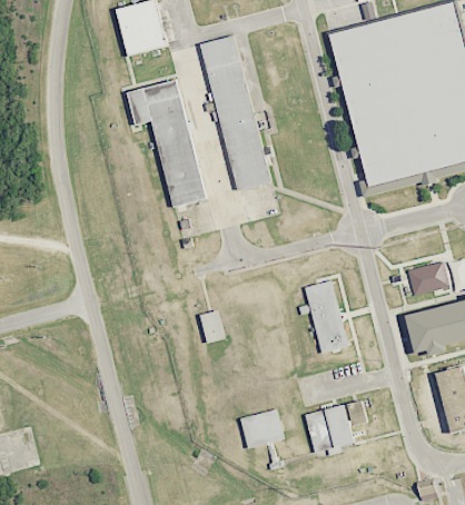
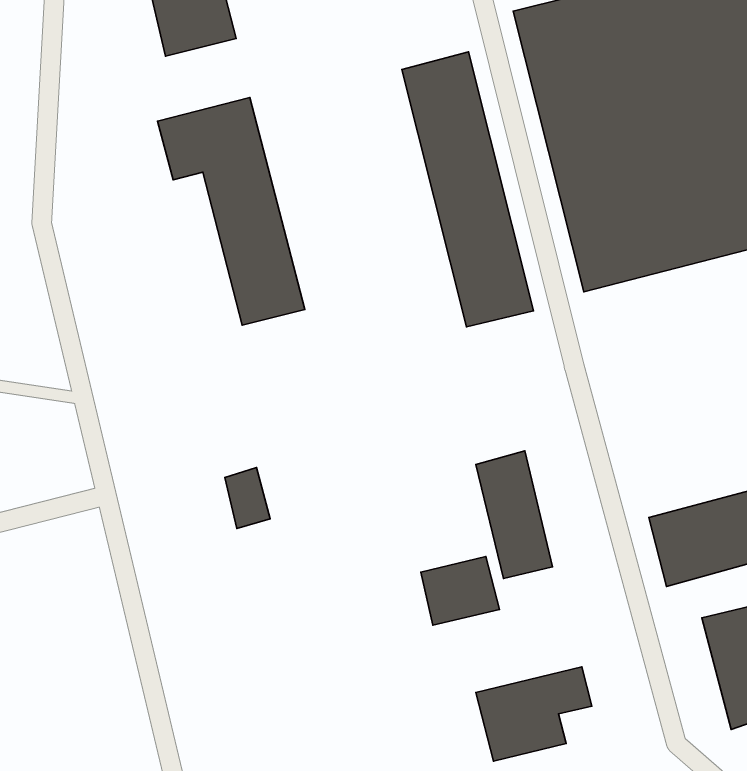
building: [199,34,274,190] -> [402,52,533,327]
building: [409,261,451,296] -> none
building: [202,309,228,344] -> [225,468,270,529]
building: [244,409,288,448] -> [421,556,500,625]

